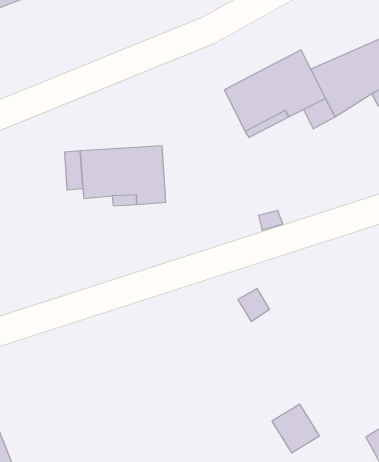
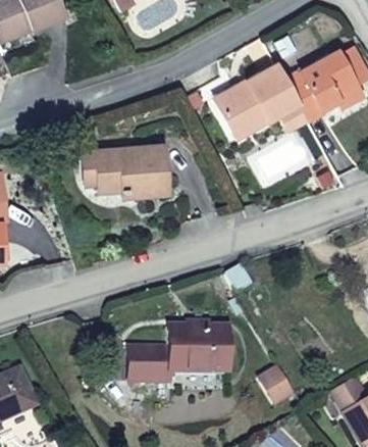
building: none -> [128,325,227,379]

